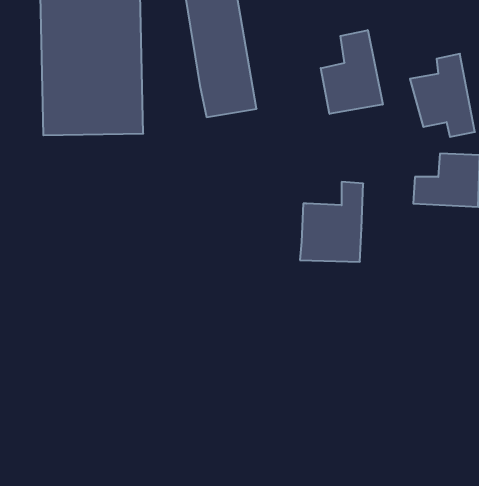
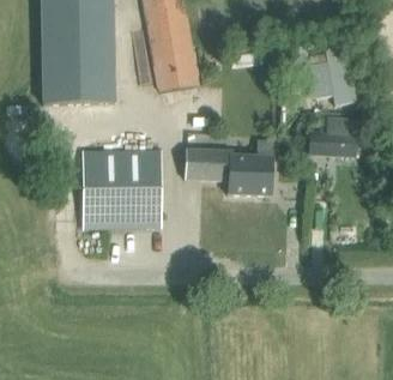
building: [321,30,383,114] -> none
building: none -> [185,147,231,180]
building: none -> [81,149,163,227]

